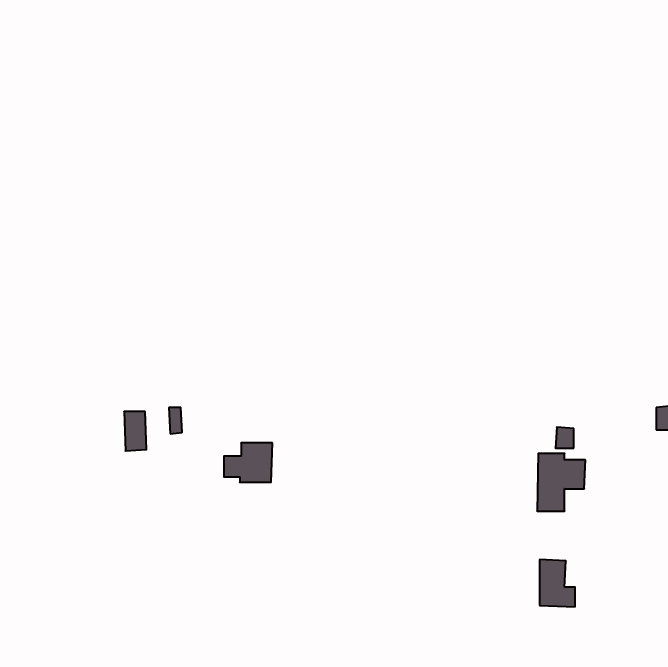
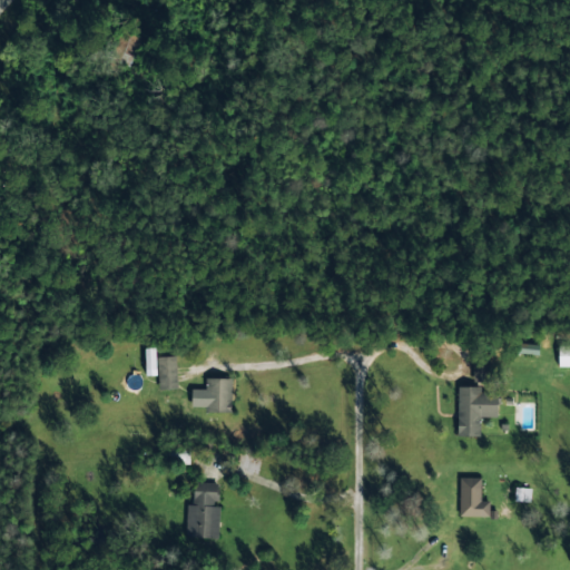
building: [124,412,146,451] -> [158,357,177,391]
building: none -> [187,483,220,539]

